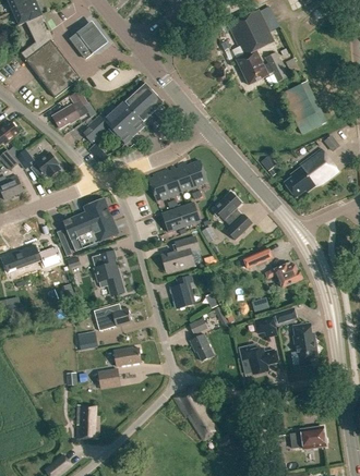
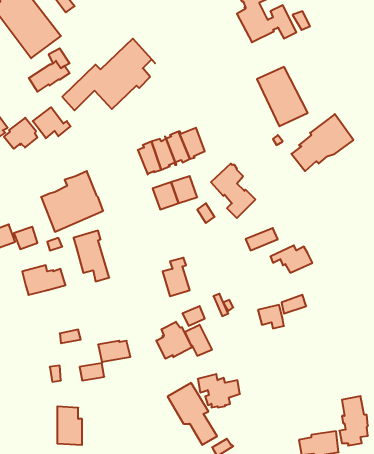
building: [281,82,326,134] -> [257,67,308,126]
building: none -> [33,107,71,138]
building: [161,236,199,271] -> none
building: [94,305,132,331] -> [22,265,66,295]
building: [291,322,316,366] -> [339,396,368,446]
building: none -> [156,322,192,359]
building: [240,344,277,374] -> [198,374,240,407]

